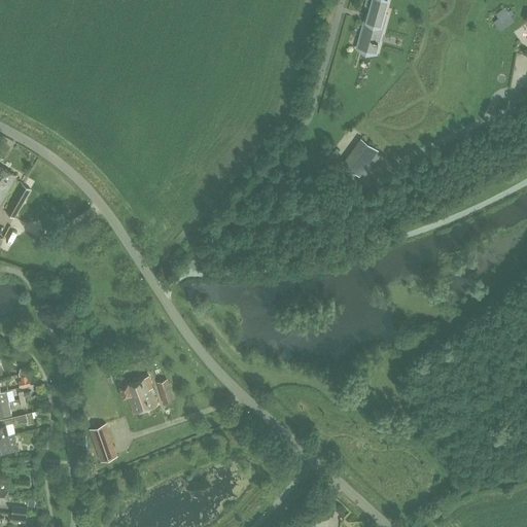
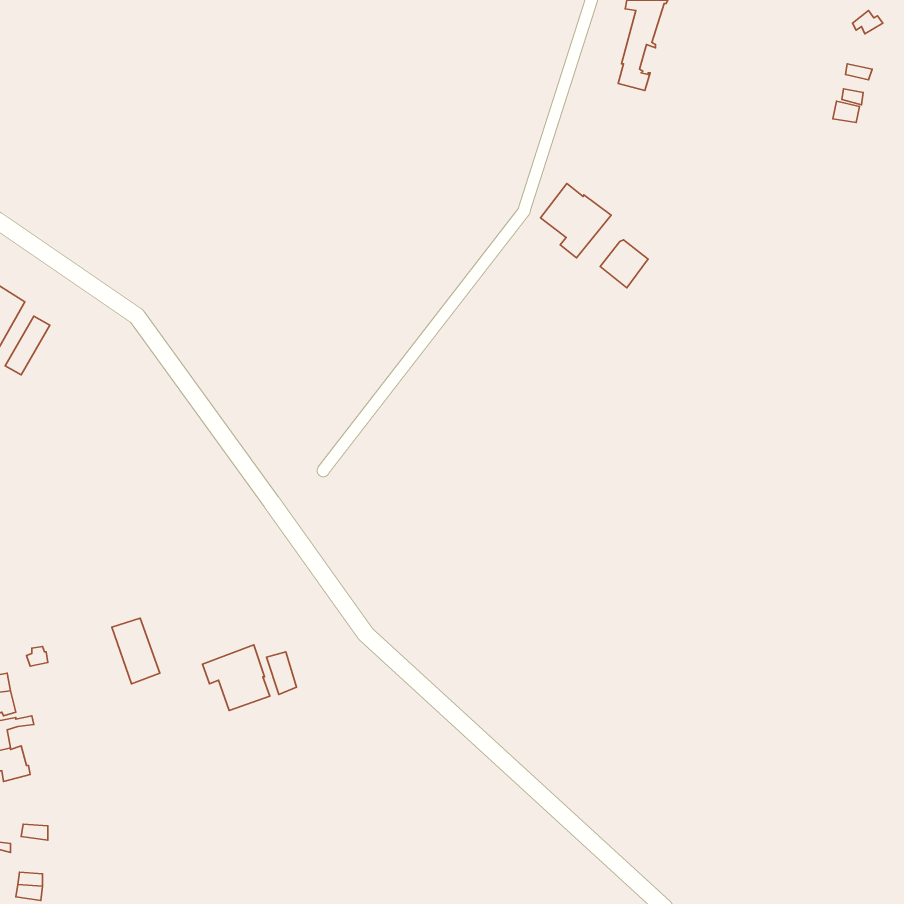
building: none -> [541,184,611,258]
building: [87,425,115,463] -> [112,618,160,684]

